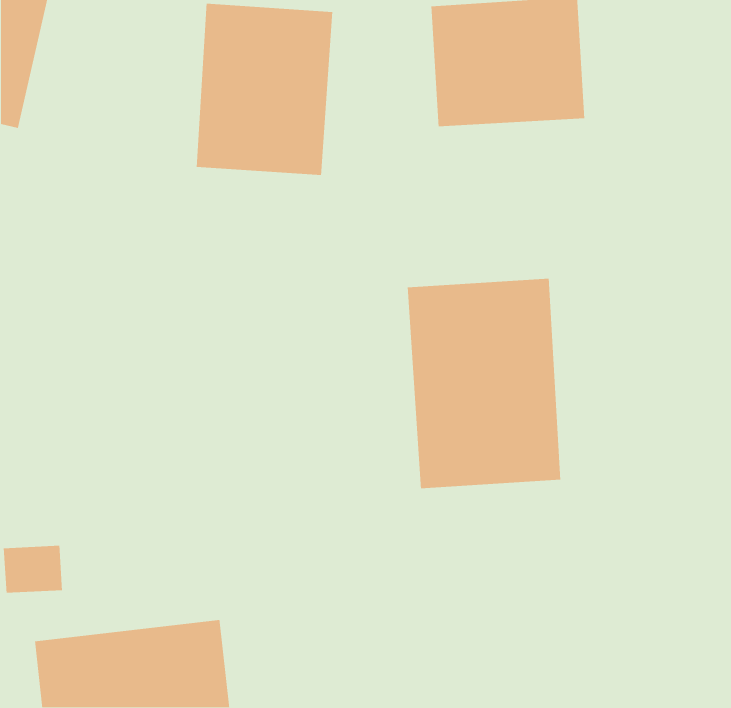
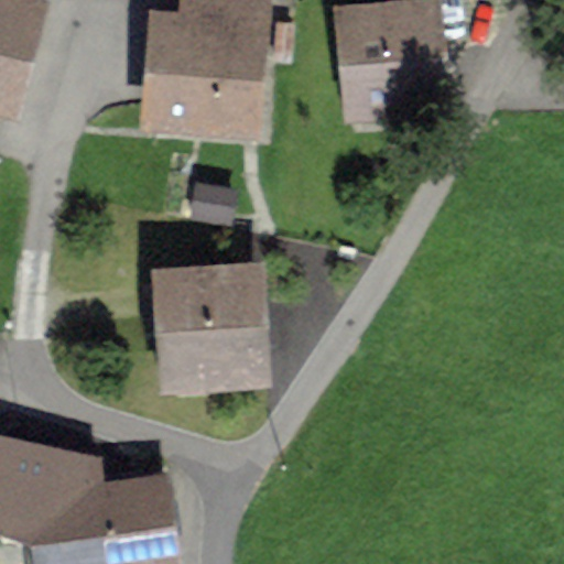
building: [407,278,561,489] -> none
building: none -> [153,267,264,382]

